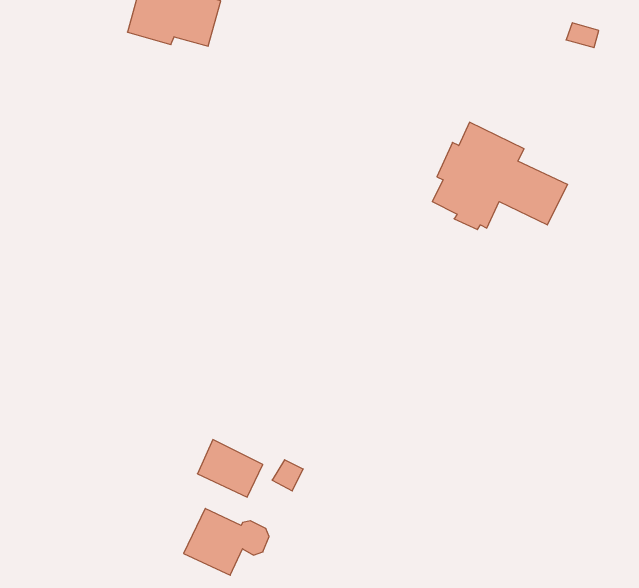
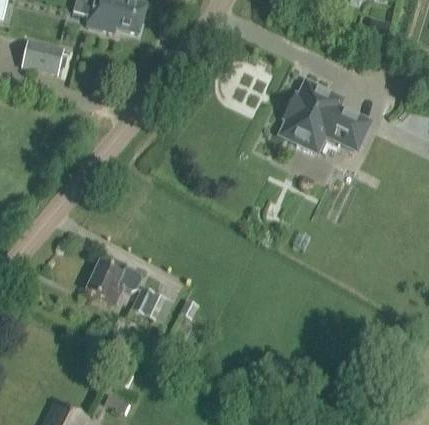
building: none -> [21,43,62,74]
building: [184,508,269,575] -> [85,260,140,303]

